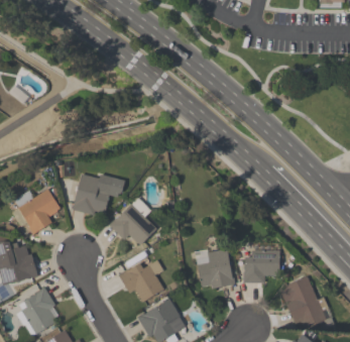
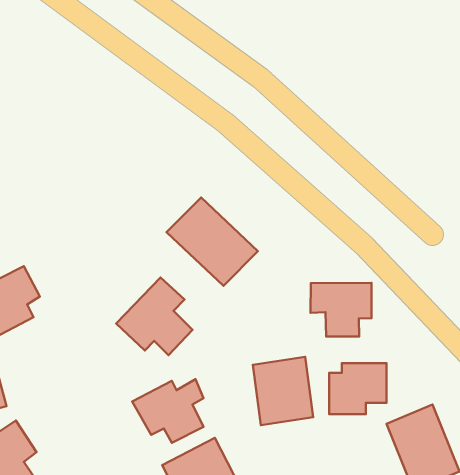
building: none -> [167,197,258,286]
building: [73,174,112,217] -> none
building: none -> [311,283,371,337]

